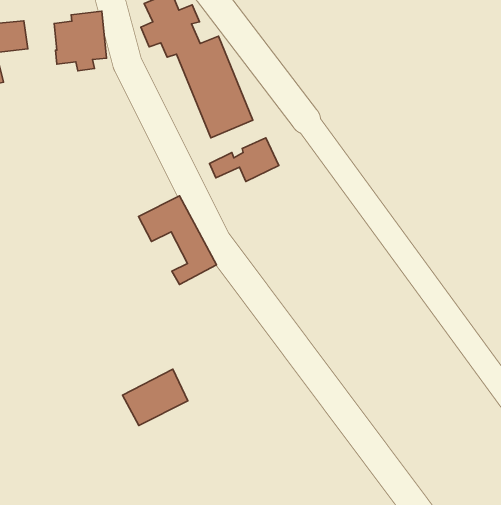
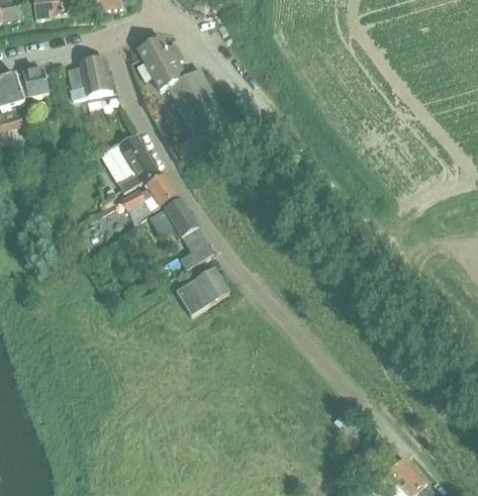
building: none -> [99,132,157,190]
building: [209,138,279,182] -> [120,173,176,209]
building: [122,369,188,426] -> [175,266,227,313]

